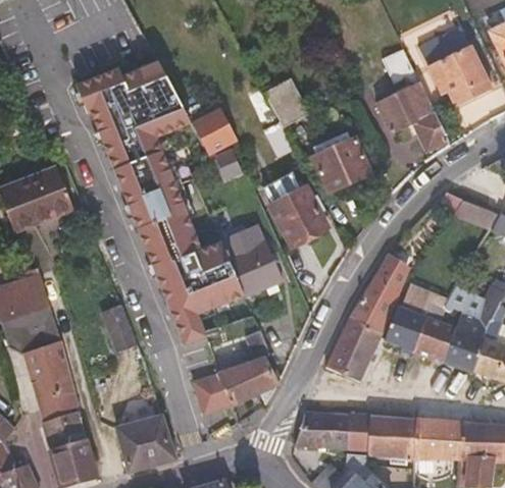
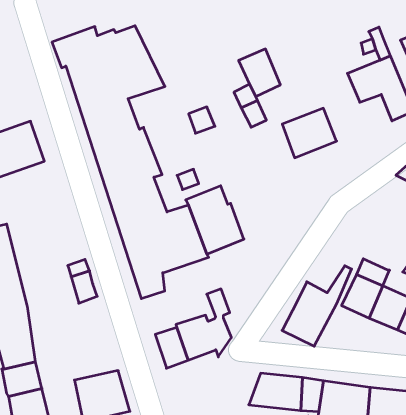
building: [194,113,237,157] -> none
building: [263,175,331,245] -> none
building: [348,262,404,326] -> none

